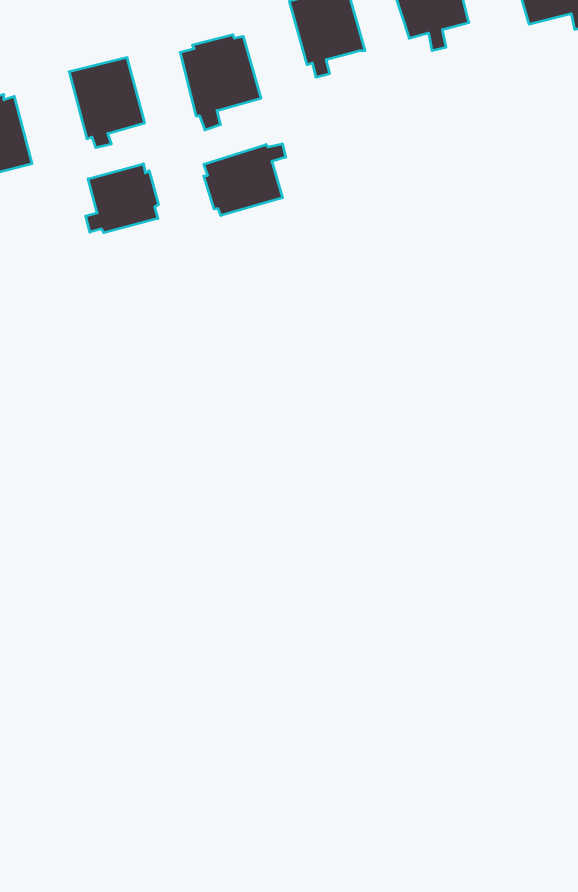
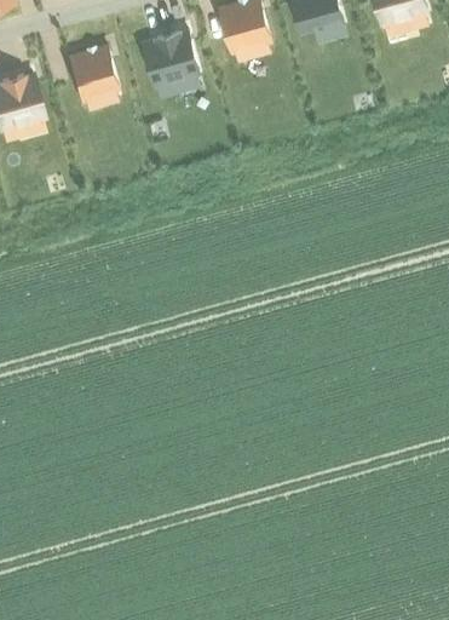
building: [204,144,286,216] -> none
building: [86,164,158,233] -> none

